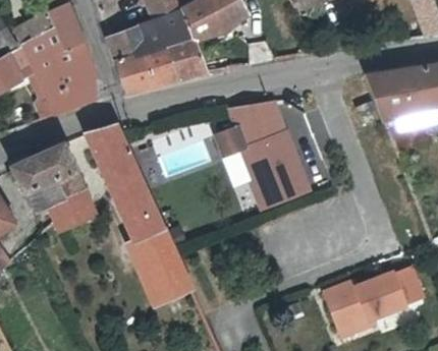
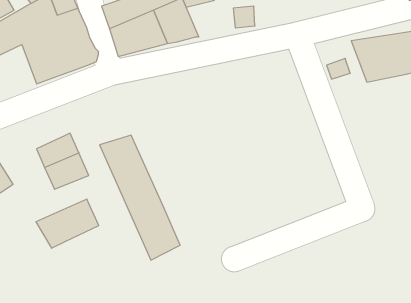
building: [216,117,307,201] -> none
building: [86,124,140,183] -> none
building: [11,143,76,194] -> [36,199,99,248]
building: [324,268,425,336] -> none

